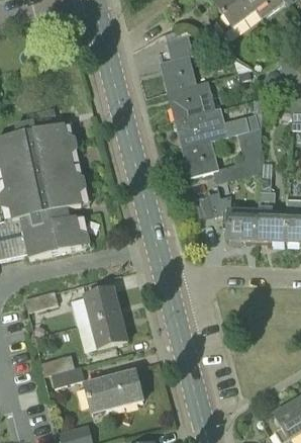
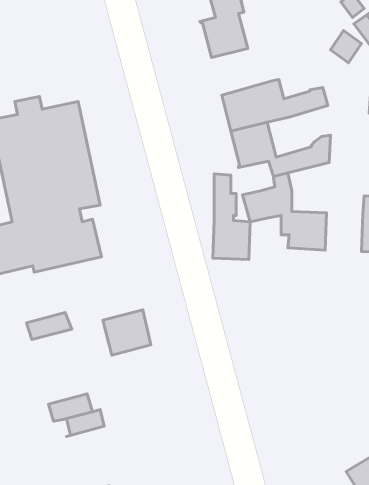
building: [168,80,215,119] -> none
building: [257,175,286,242] -> [213,174,250,259]
building: [90,315,127,349] -> none
building: [84,370,143,414] -> none

